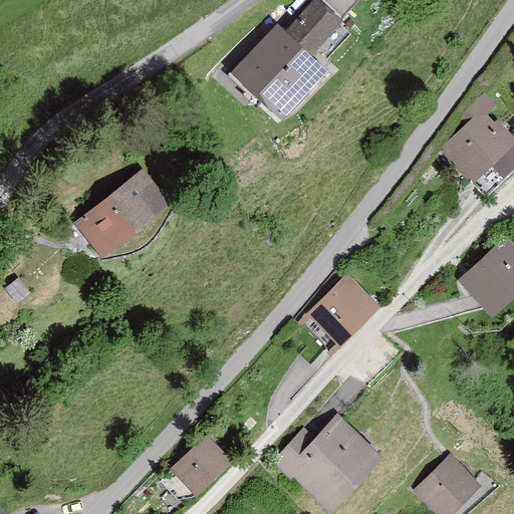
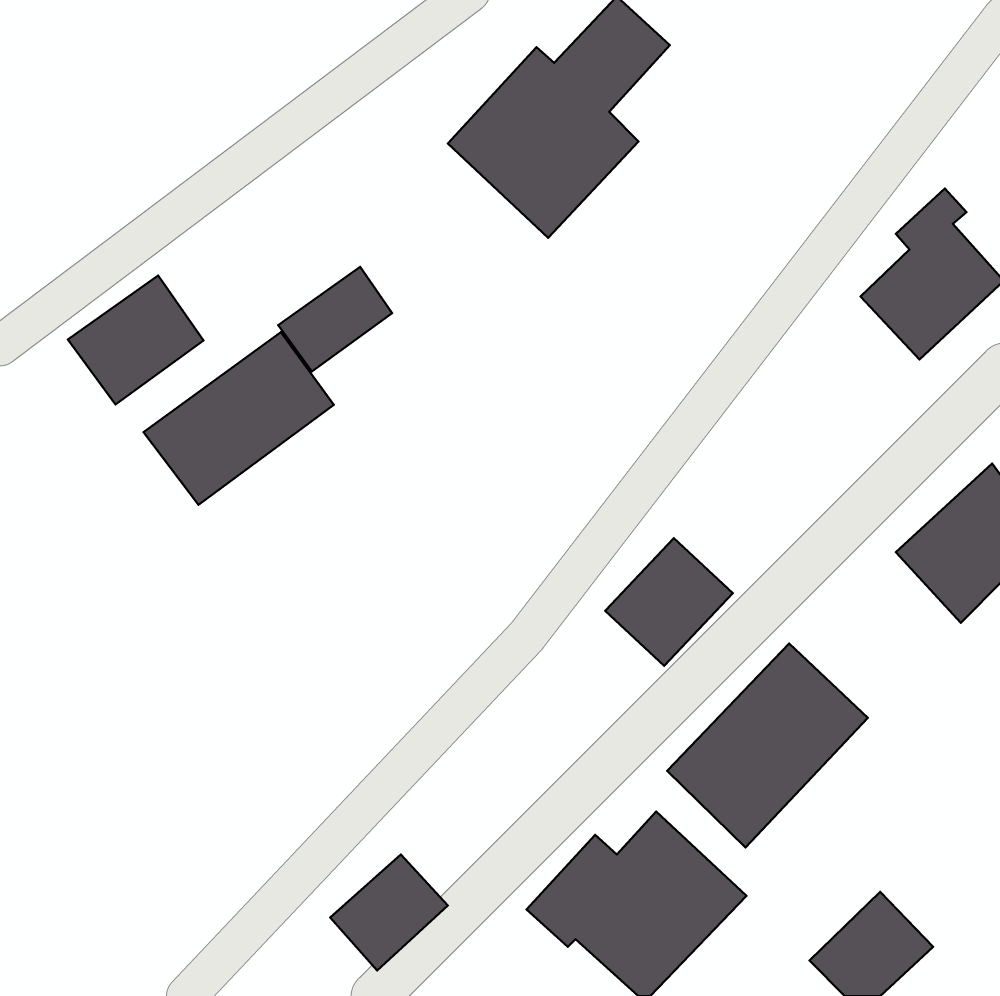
building: none -> [278,267,392,371]
building: none -> [68,276,204,405]
building: none -> [667,643,868,847]

